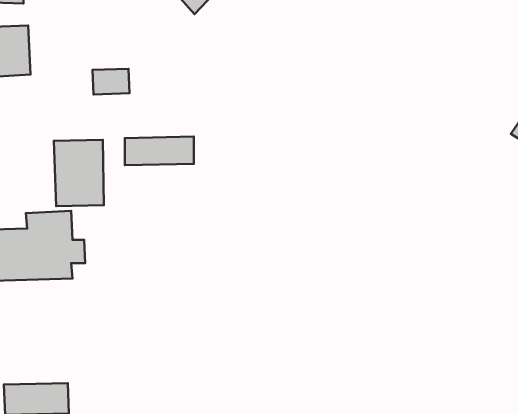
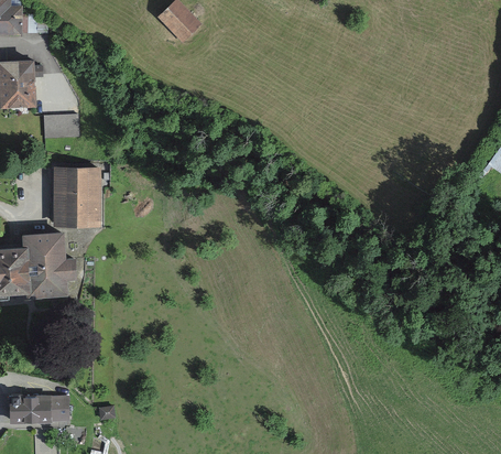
building: [92,69,130,94] -> [41,110,76,134]
building: [125,137,194,165] -> none

